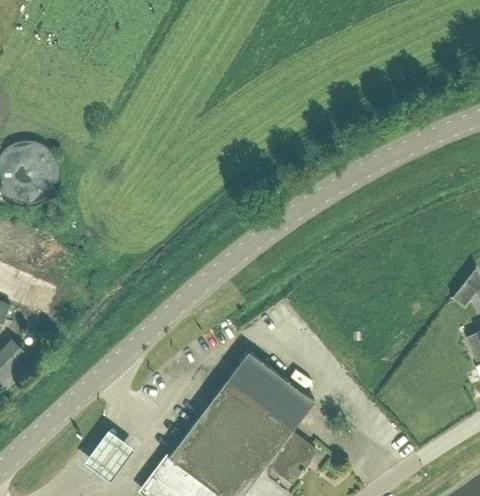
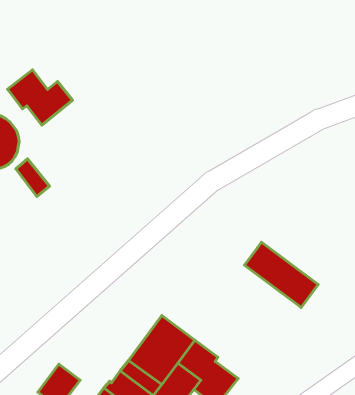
building: none -> [8,70,72,125]
building: none -> [16,159,49,196]
building: [228,350,315,427] -> [244,242,318,308]

